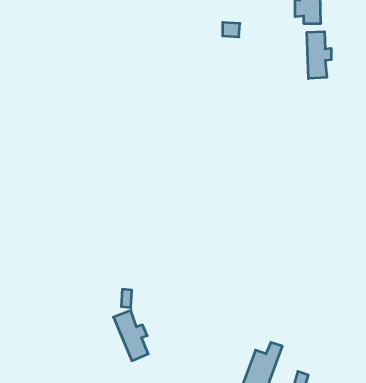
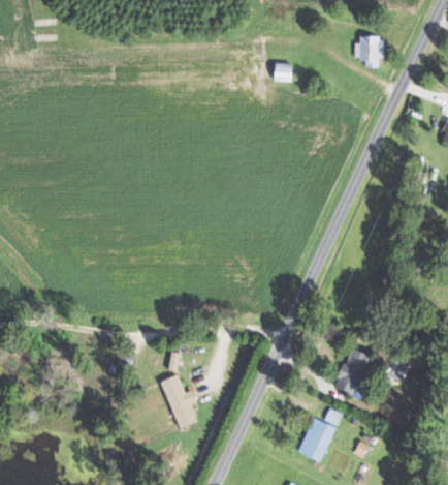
building: [307,32,331,79] -> none
building: none -> [337,347,373,396]

